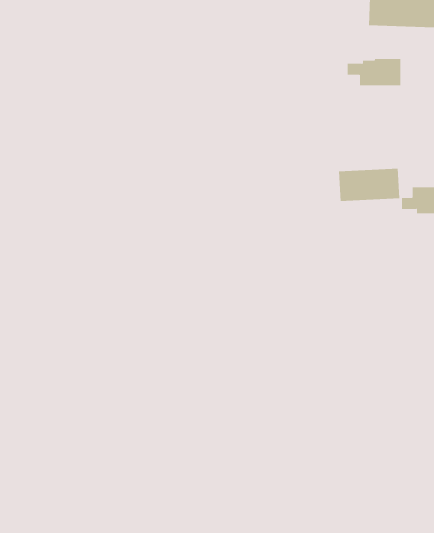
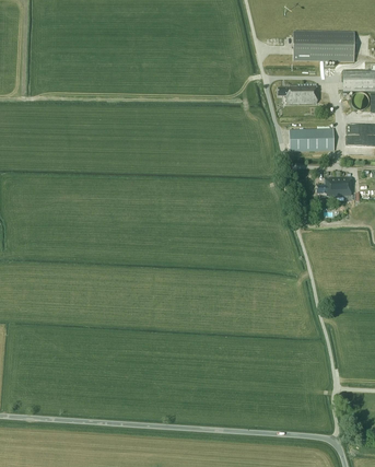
building: [338,168,400,201] -> [289,127,333,151]

